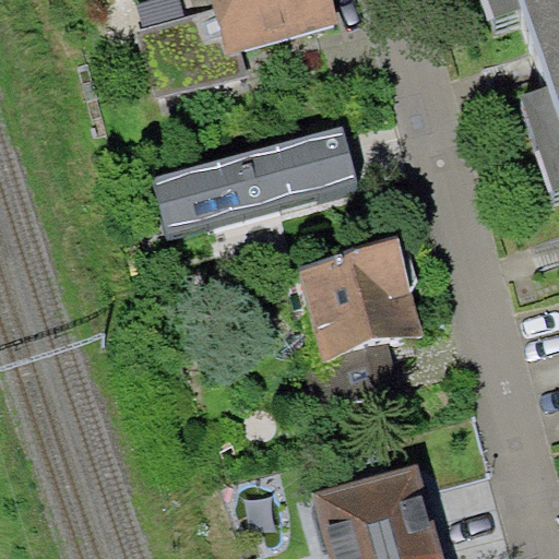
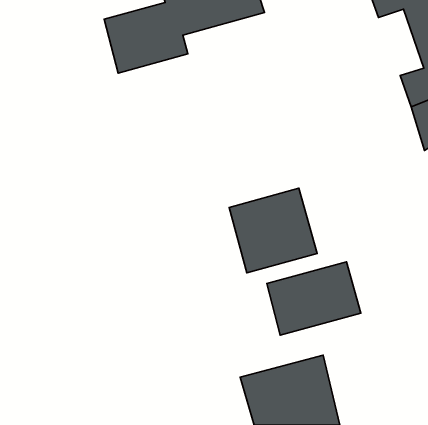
building: [147,139,354,243] -> none
building: none -> [267,262,361,335]

